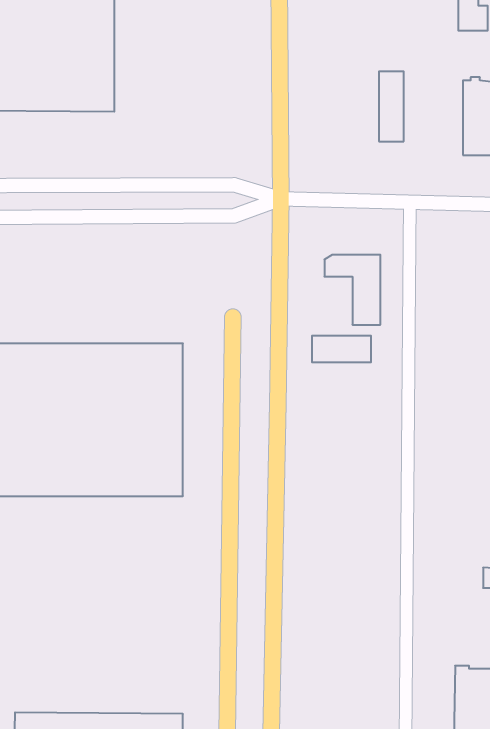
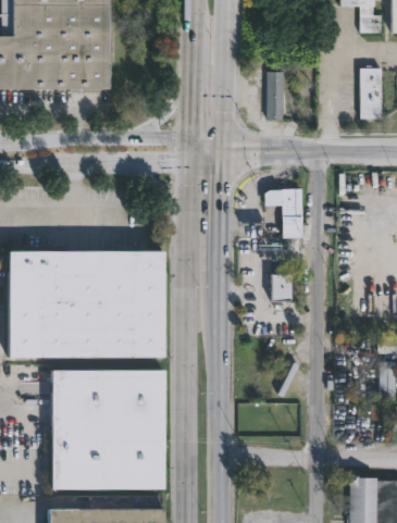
building: [379,71,404,141] -> [268,71,285,120]
building: none -> [272,272,293,302]
building: none -> [50,370,164,490]

